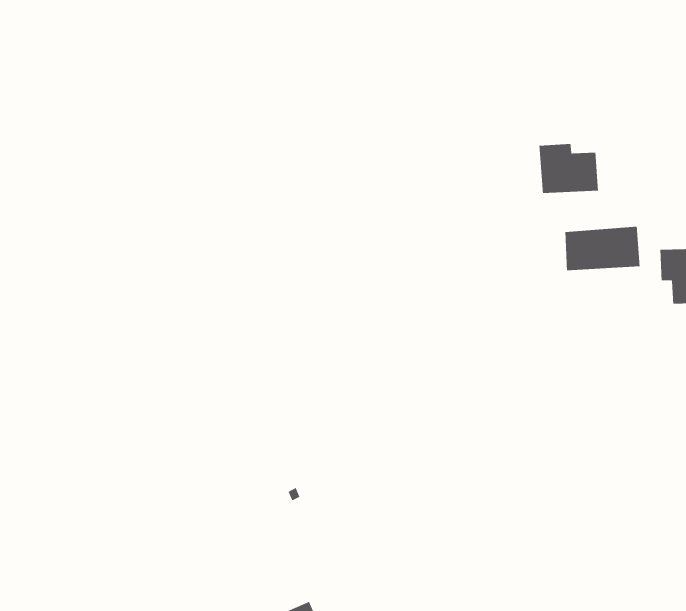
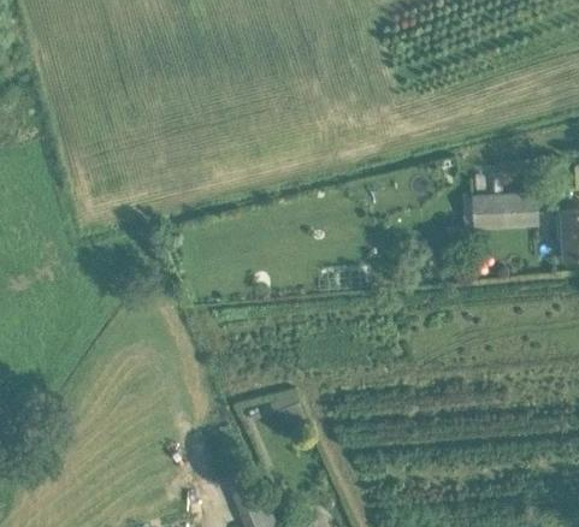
building: [538,143,599,194] -> none

